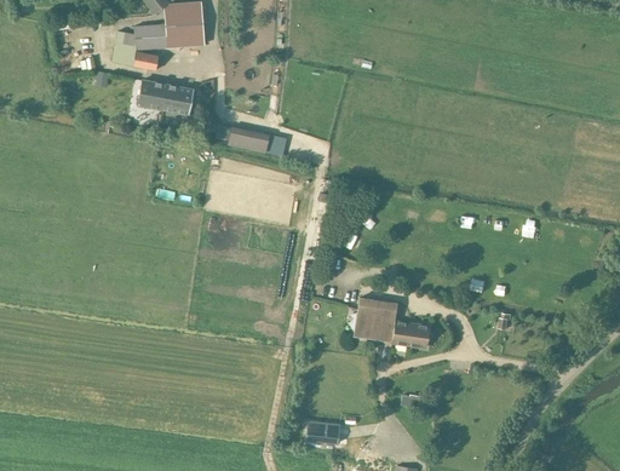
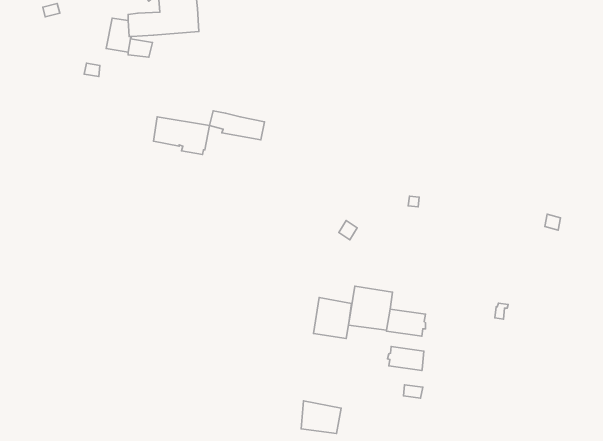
building: [138,81,194,119] -> [154,117,210,155]
building: none -> [314,298,352,339]
building: none -> [387,347,424,370]

